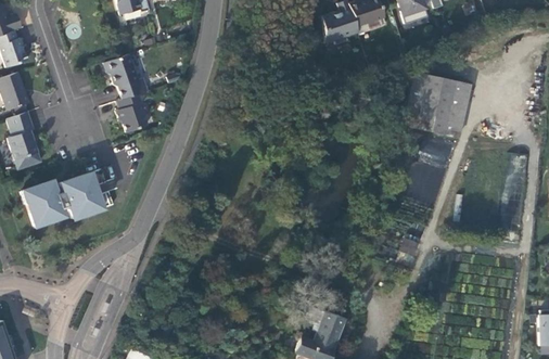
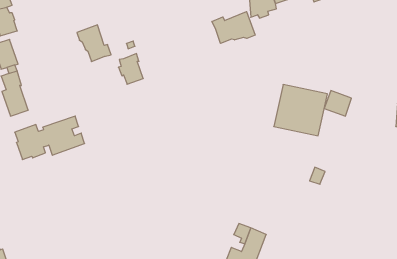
building: none -> [212,12,255,43]
building: [401,73,470,138] -> [274,85,327,136]
building: [115,93,146,132] -> [118,54,143,84]

